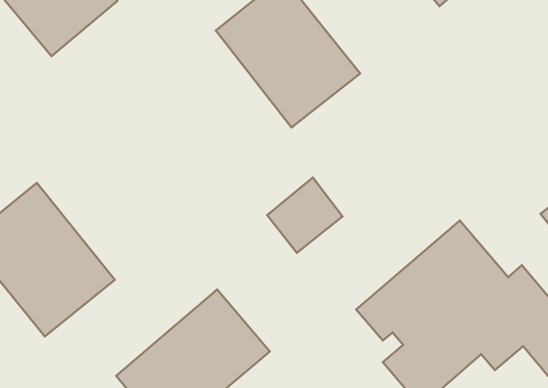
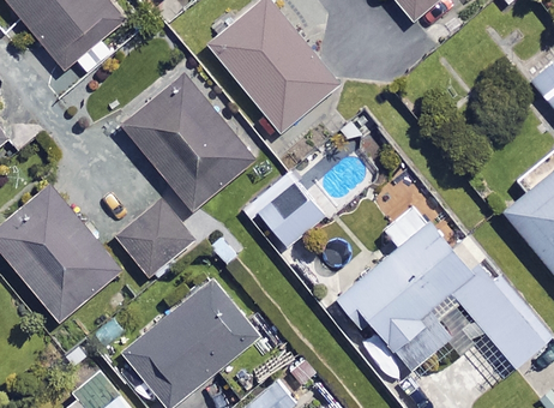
building: none -> [122,77,254,211]
building: none -> [116,202,195,280]

